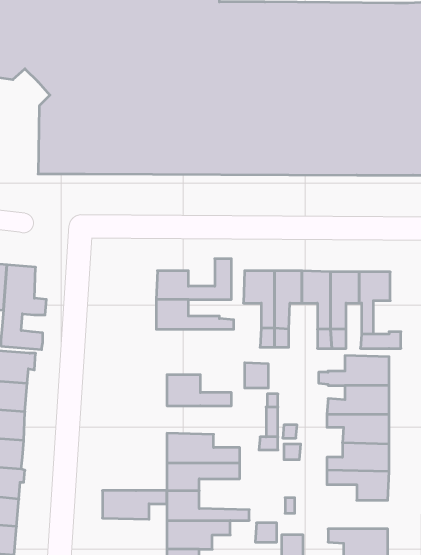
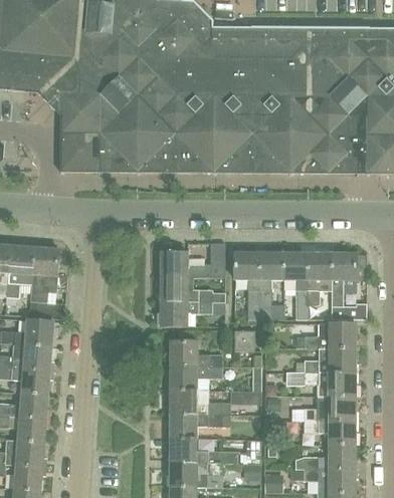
building: none -> [160,301,212,325]
building: [102,491,167,519] -> [169,365,223,390]
building: none -> [296,445,355,469]

